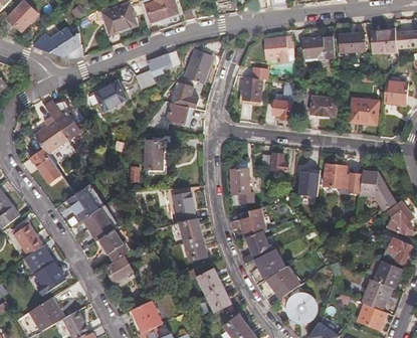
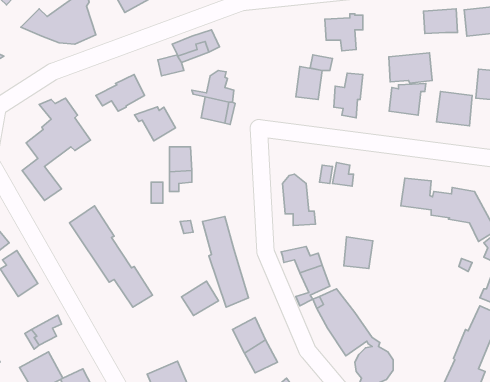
building: [301,36,335,59] -> [389,53,432,83]
building: [187,47,216,81] -> none
building: none -> [135,107,176,141]
building: [295,172,318,196] -> [344,237,373,268]
building: [25,243,54,273] -> none
building: [108,258,136,284] -> [182,281,218,315]

